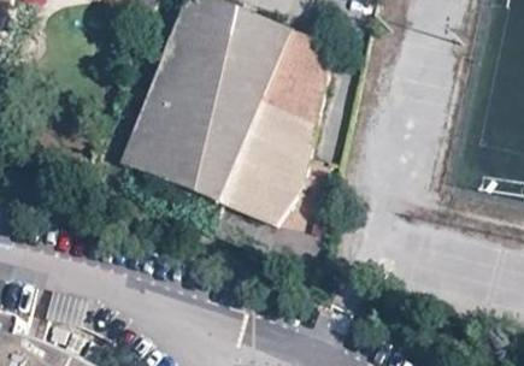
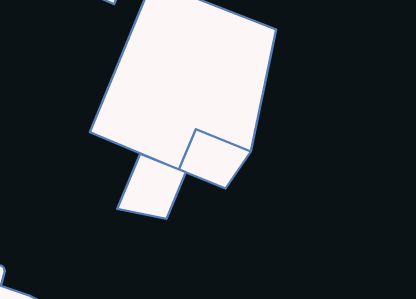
building: none -> [117,154,186,219]

